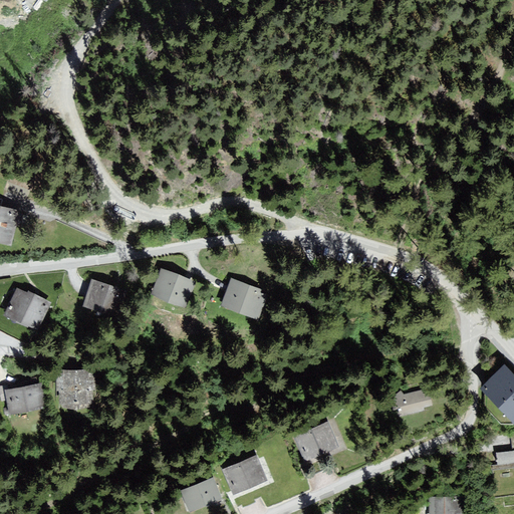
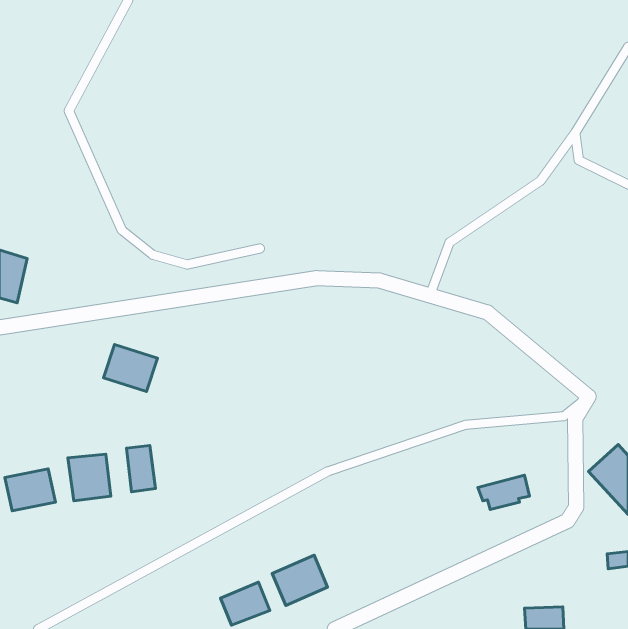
building: [153,269,199,310] -> none
building: [220,278,268,320] -> none
building: [6,291,48,329] -> none
building: none -> [127,445,156,492]
building: [293,420,338,460] -> none

